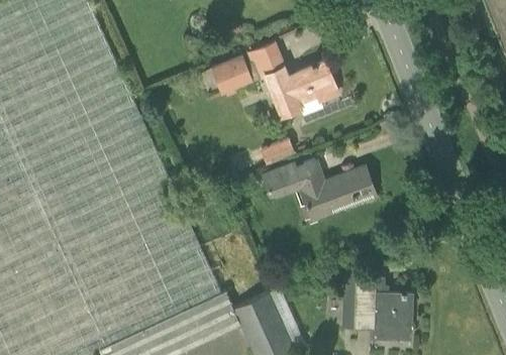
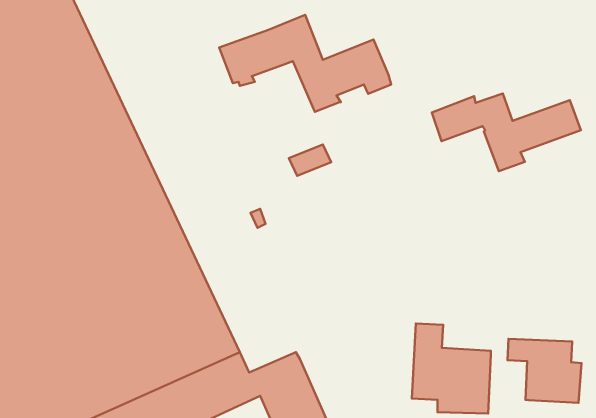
building: [263,162,373,220] -> [432,93,581,171]
building: none -> [507,339,582,403]

